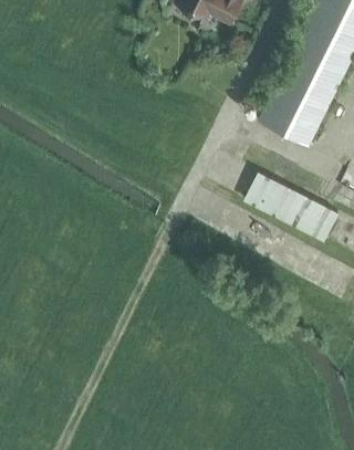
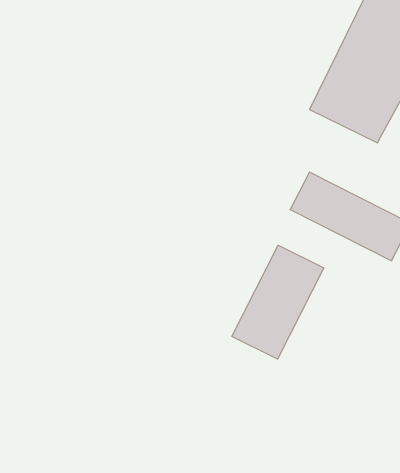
building: none -> [232,245,324,359]

